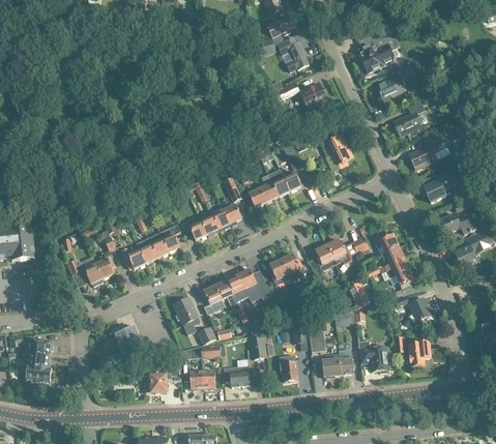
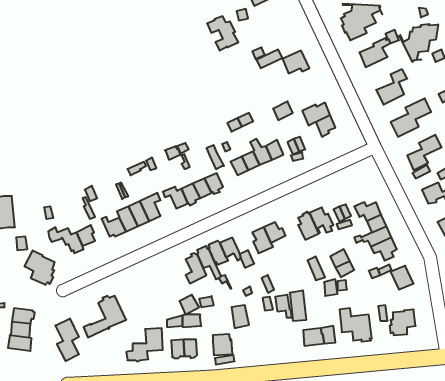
building: [278,38,309,72] -> [207,16,238,51]
building: none -> [399,24,438,62]
building: none -> [25,250,55,285]
building: [175,298,201,334] -> none
building: none -> [55,318,79,361]
building: [280,354,298,381] -> none

